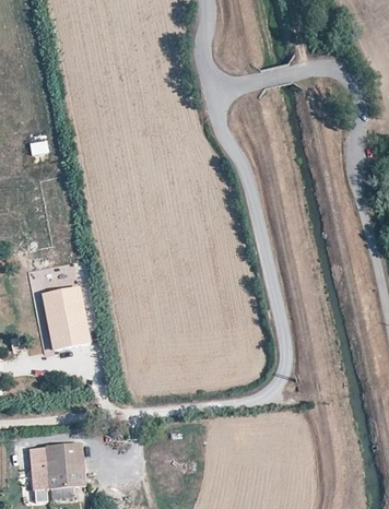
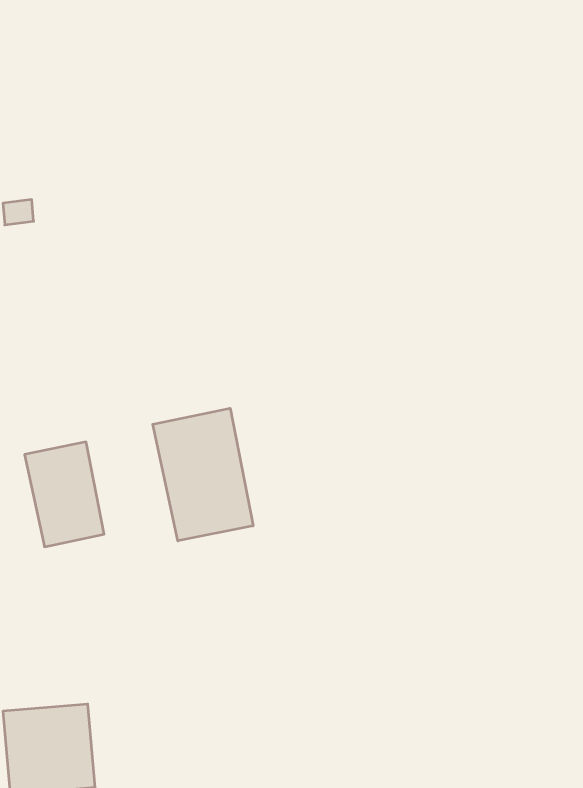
building: none -> [153,408,253,541]

